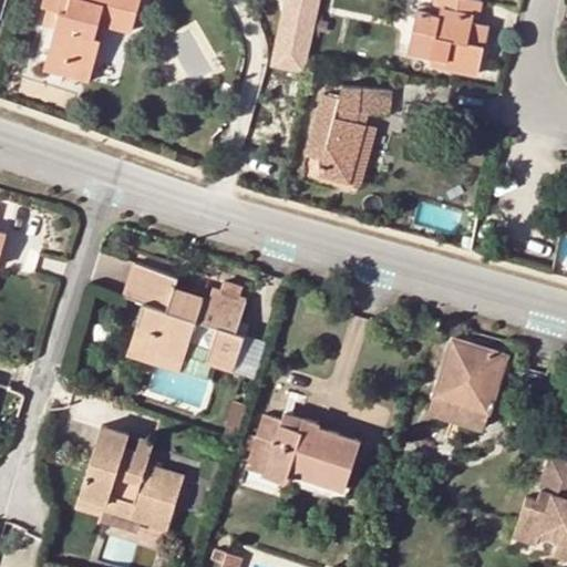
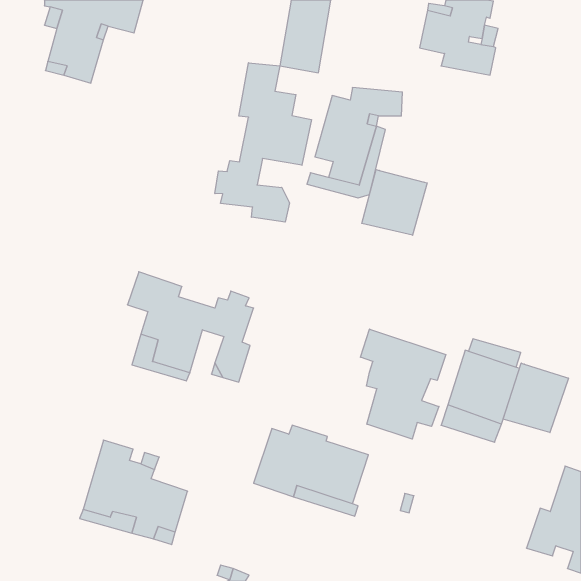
building: none -> [215,63,311,222]
building: none -> [362,170,427,235]
building: none -> [360,329,446,439]
building: none -> [503,363,568,433]

